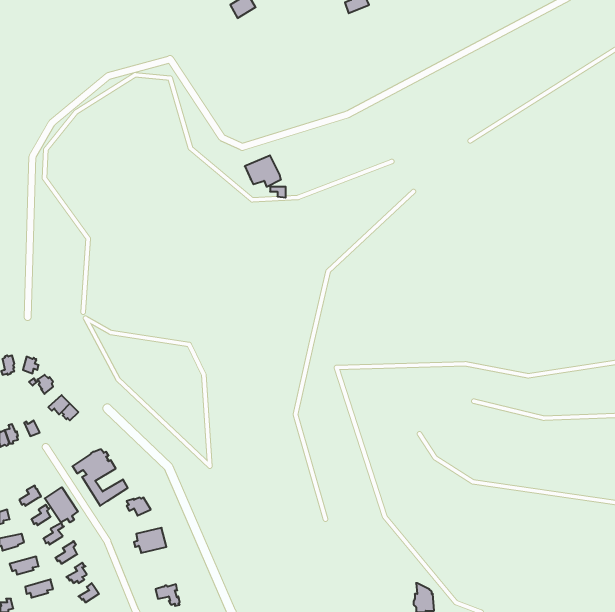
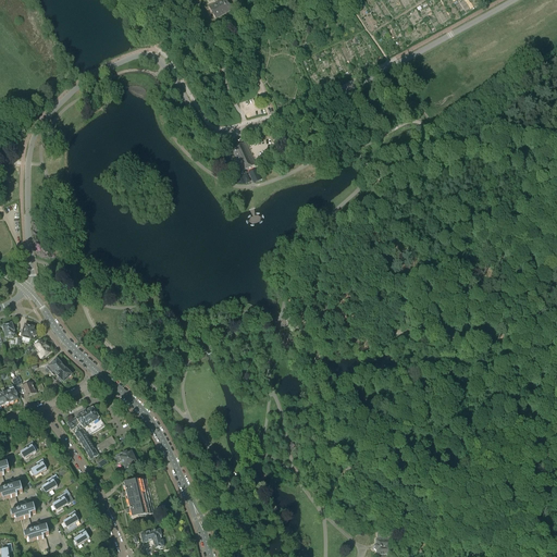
building: [45,487,78,522] -> none
building: none -> [125,494,154,517]

